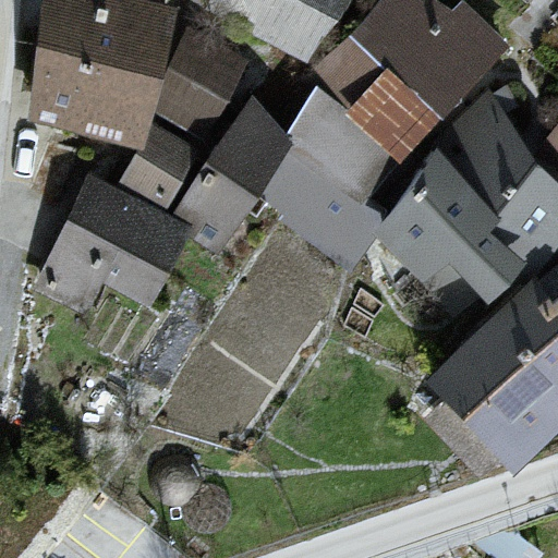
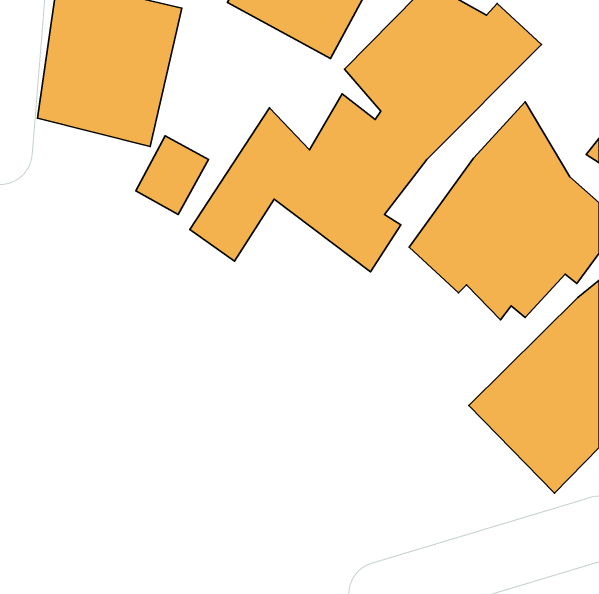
building: [153,31,244,130] -> none
building: [40,178,184,299] -> none

